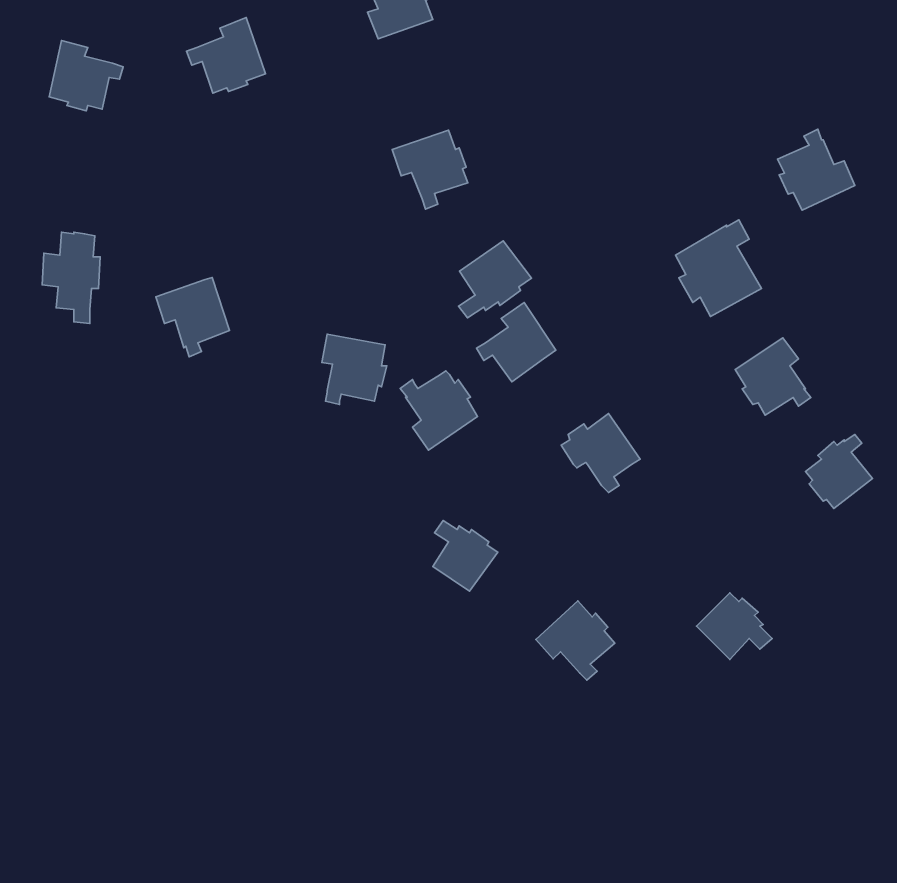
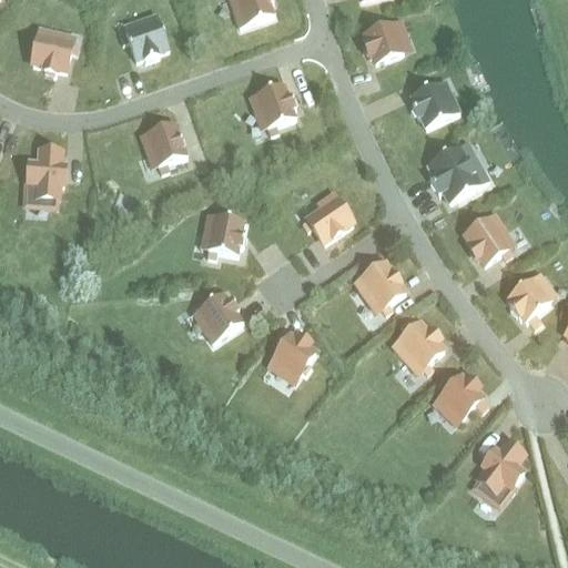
building: none -> [363,19,403,60]
building: [777,129,855,210] -> [409,74,458,125]
building: [459,241,531,318] -> none
building: [156,278,230,357] -> [139,120,185,170]
building: [400,371,478,450] -> [193,291,242,341]
building: [536,601,615,680] -> [393,321,443,371]
building: none -> [471,439,523,490]

